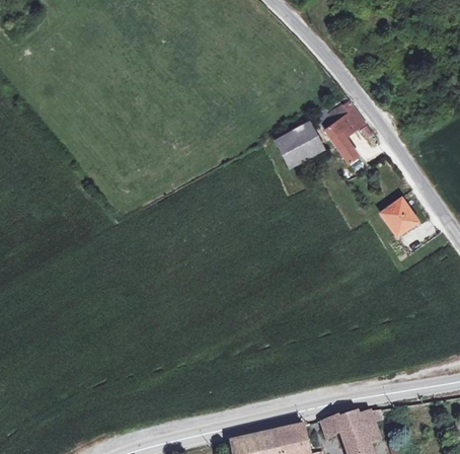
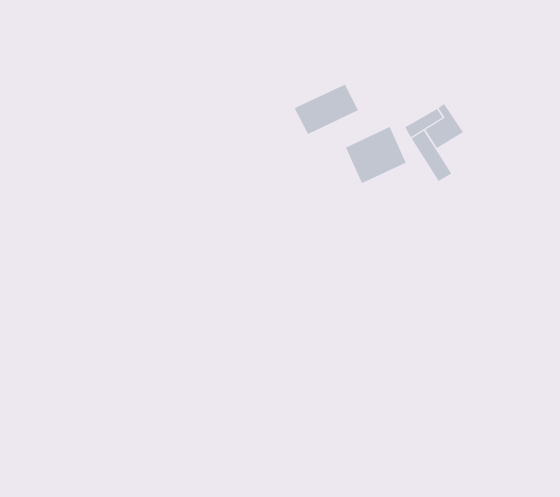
building: none -> [294,84,359,135]
building: [380,198,416,235] -> none

